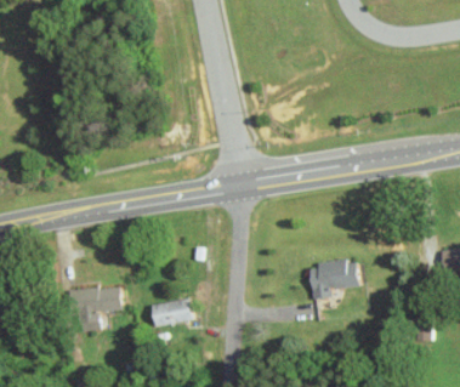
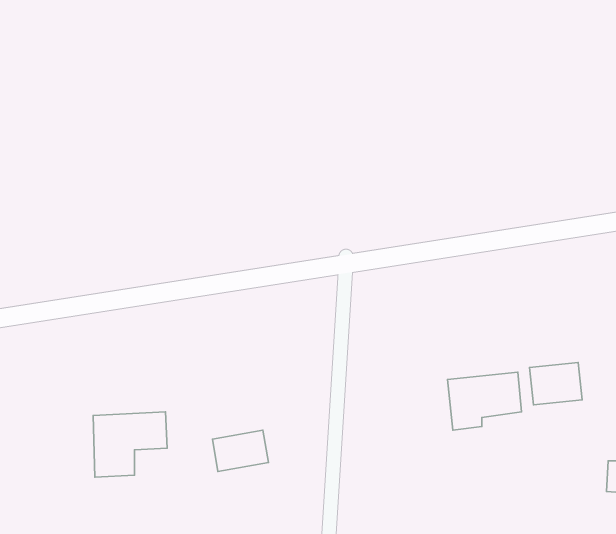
building: none -> [529,362,582,405]

